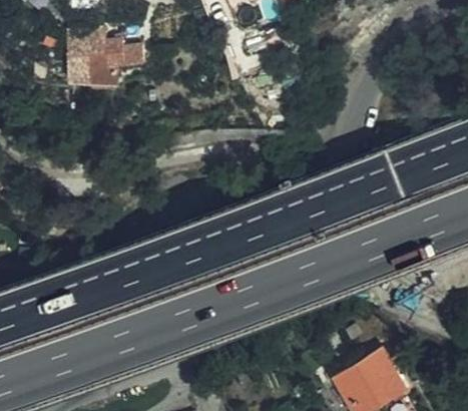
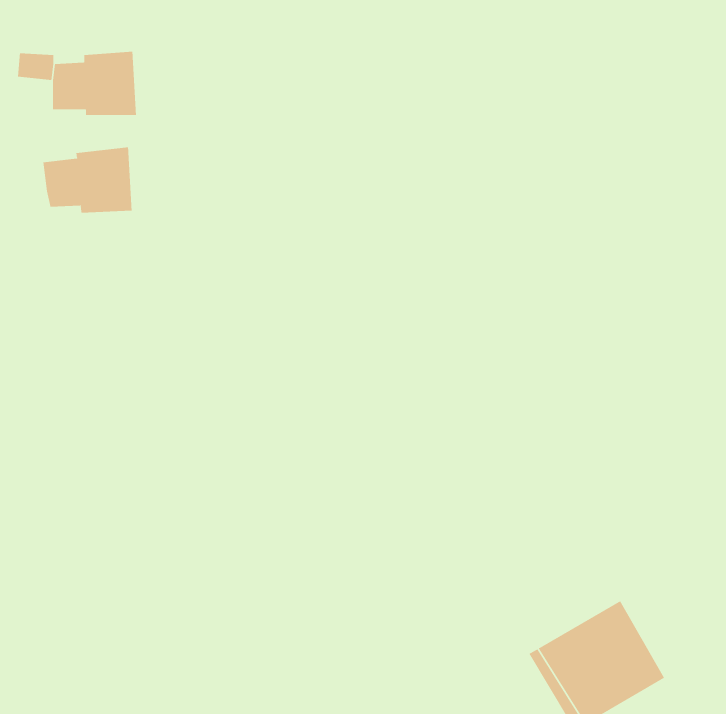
building: none -> [43,146,132,213]

